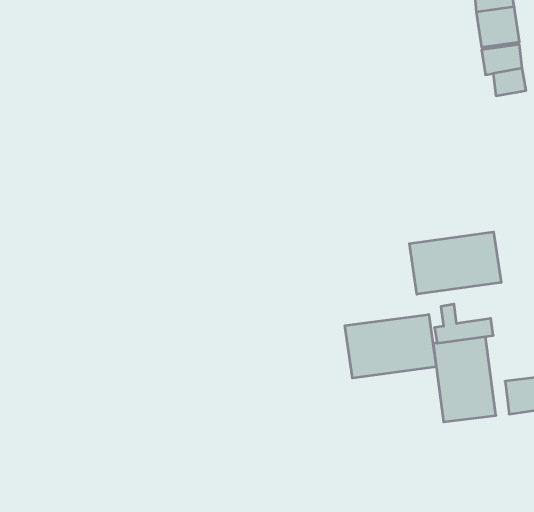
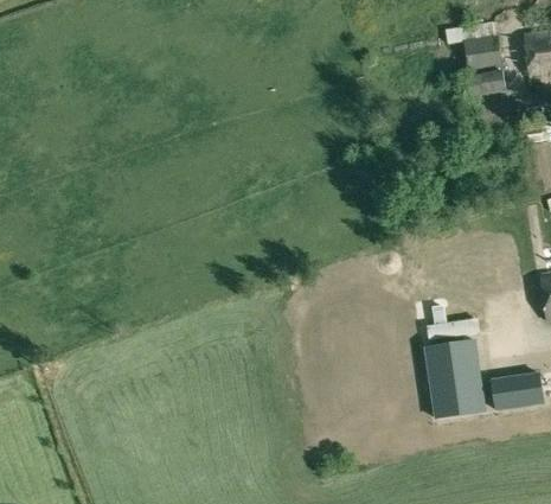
building: [409,232,501,294] -> none
building: [345,314,436,378] -> none

